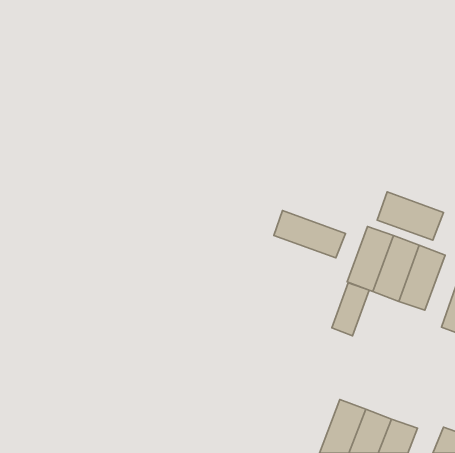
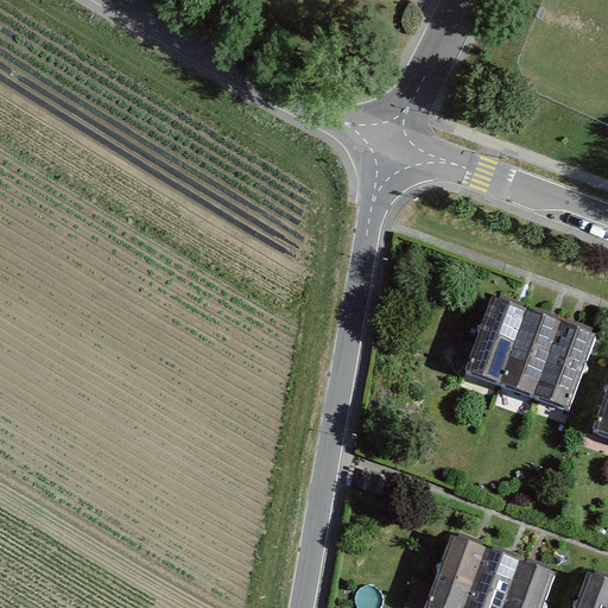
building: [377,192,443,240] -> none
building: [274,210,345,258] -> none
building: [332,283,369,336] -> none

